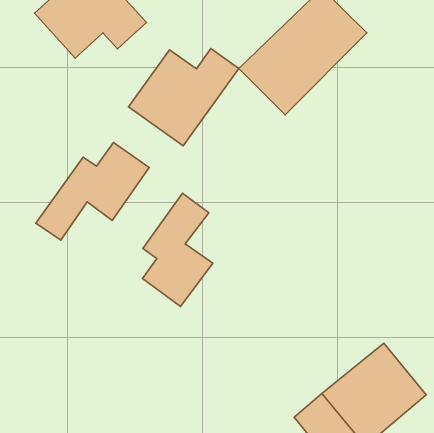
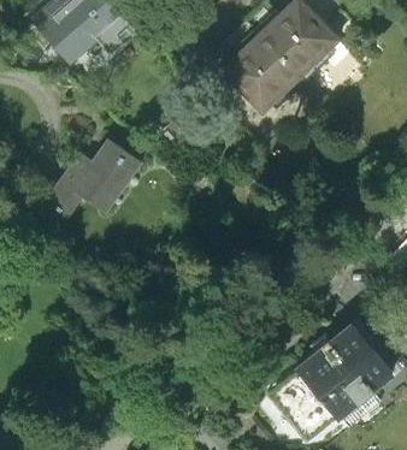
building: [129,49,239,146] -> none
building: [143,193,213,306] -> none

